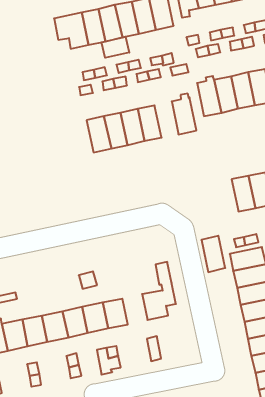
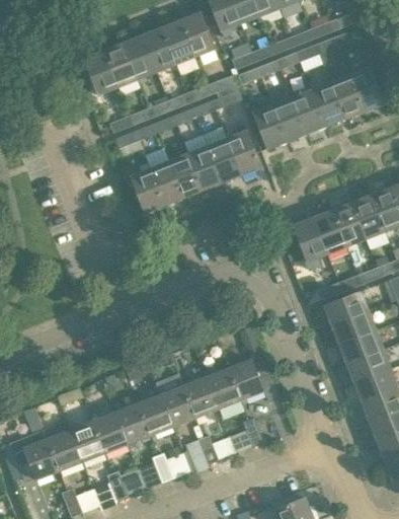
building: [102,37,129,58] -> none
building: none -> [208,137,241,181]
building: [201,236,225,272] -> [293,217,326,262]
building: none -> [207,369,240,407]

